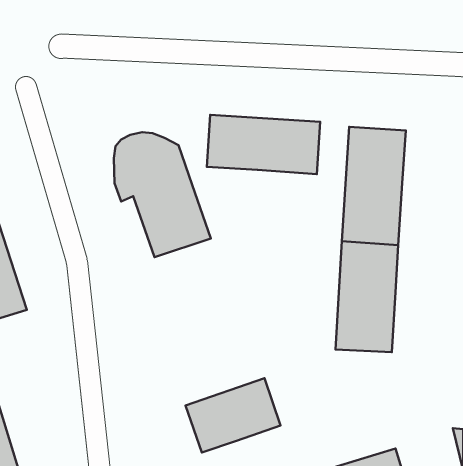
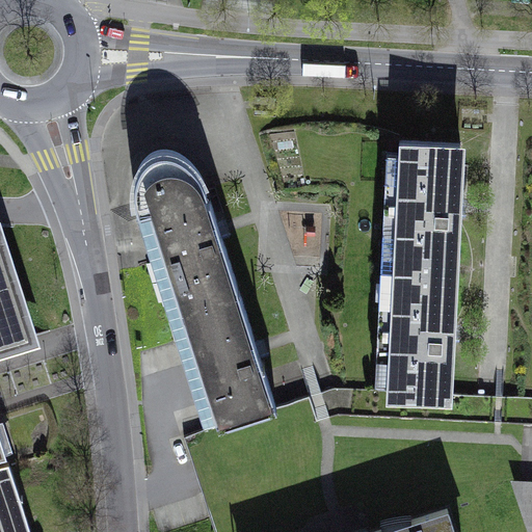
building: [207,115,320,174] -> none
building: none -> [174,275,284,428]
building: [185,378,281,453] -> none

